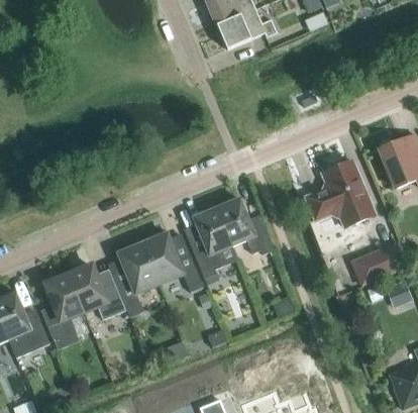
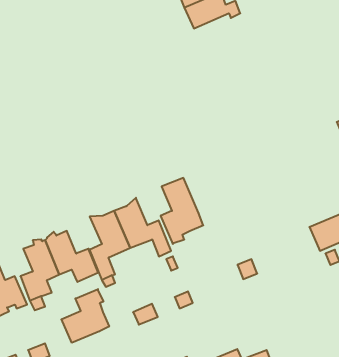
building: [306,160,375,238] -> none
building: [216,198,274,253] -> none
building: none -> [61,289,109,343]

